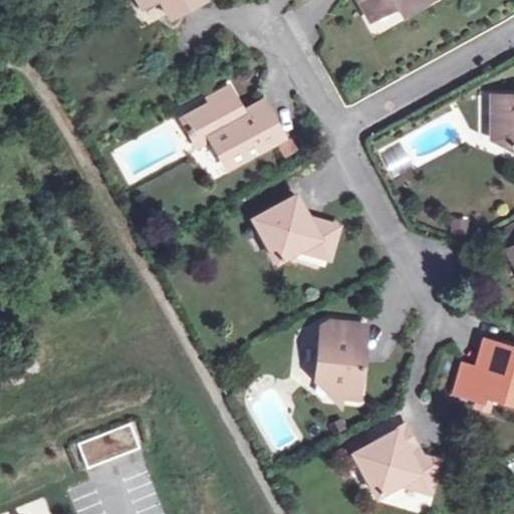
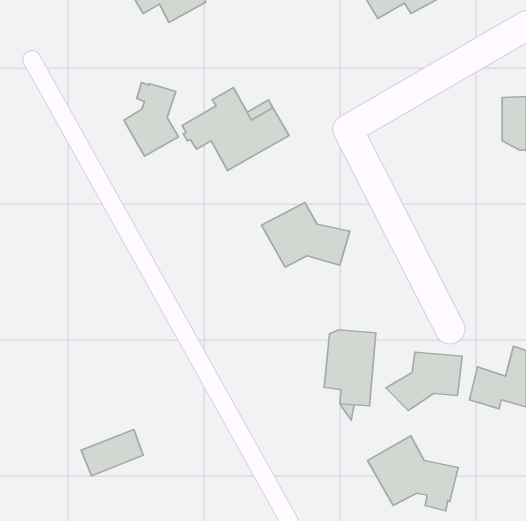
building: none -> [124,83,179,156]
building: none -> [386,352,462,411]

